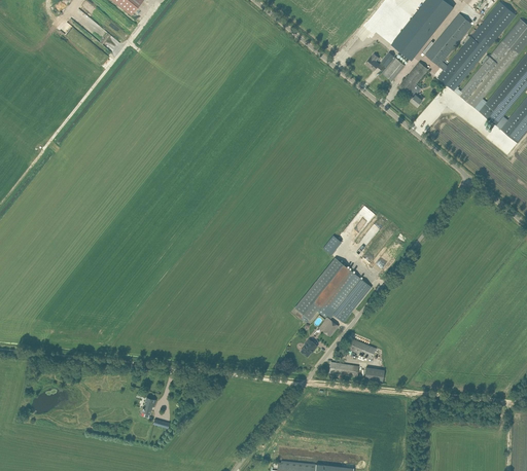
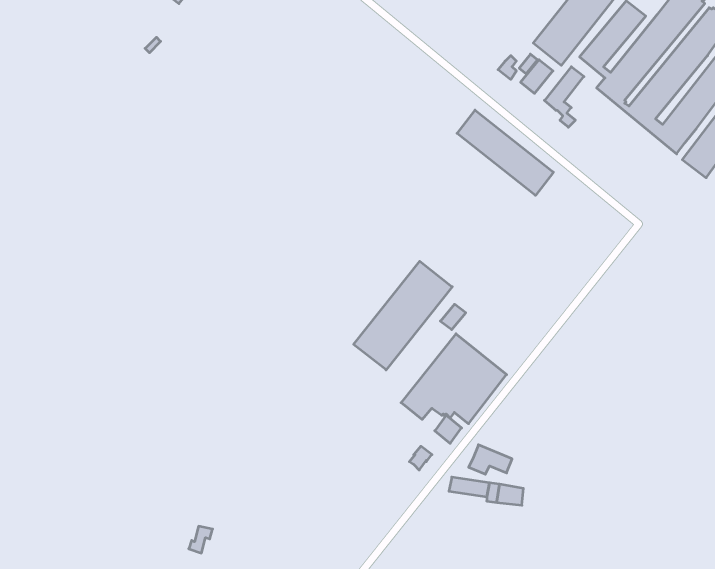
building: none -> [457,110,553,195]
building: none -> [354,261,452,370]

